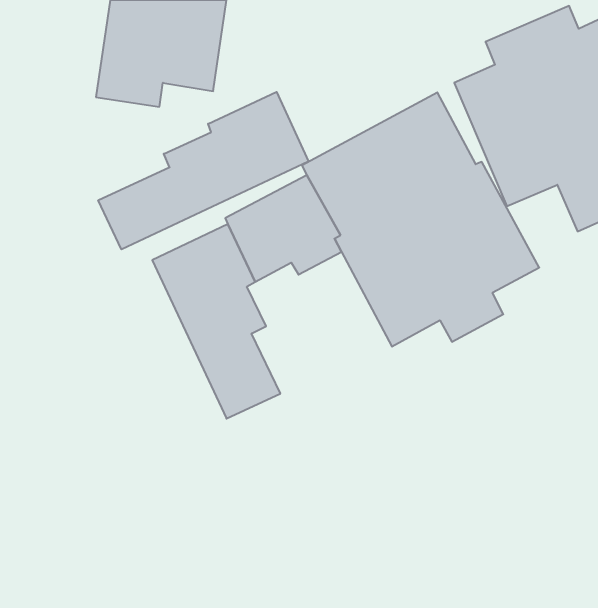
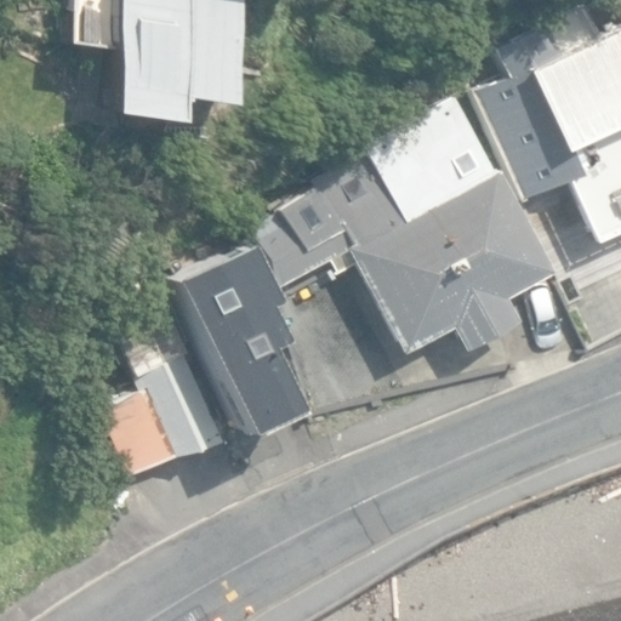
building: [98,92,309,249] -> none
building: none -> [112,344,240,472]

